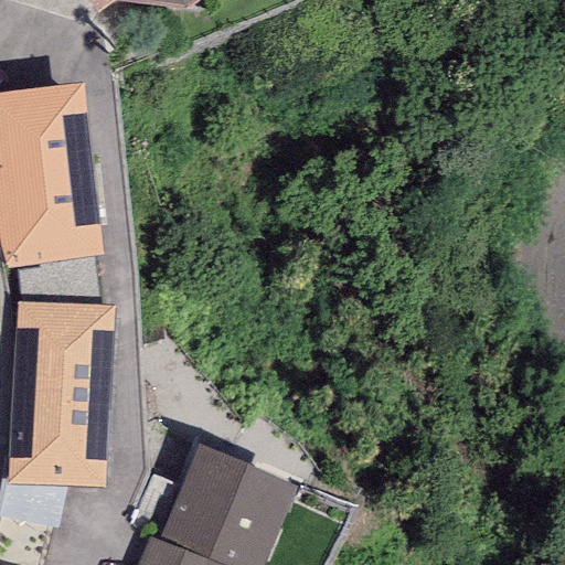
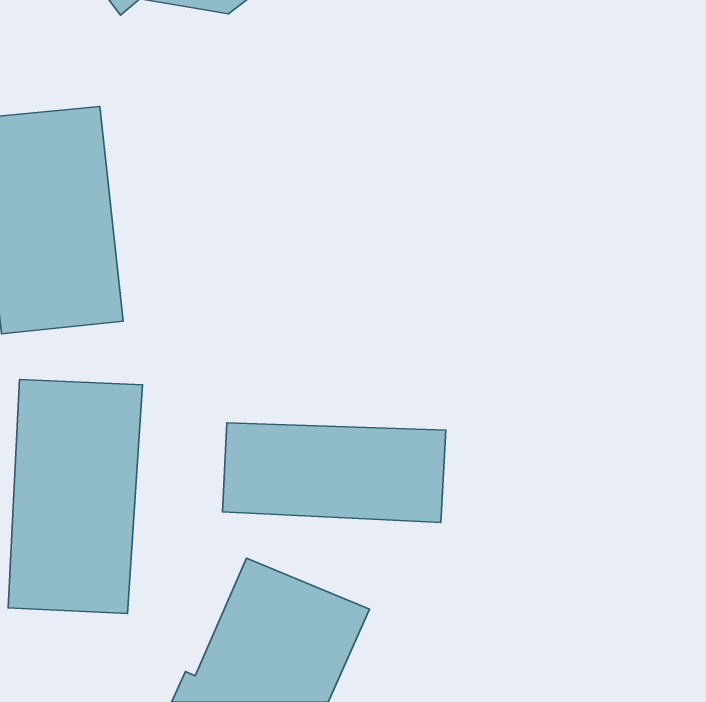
building: none -> [222,423,446,523]

